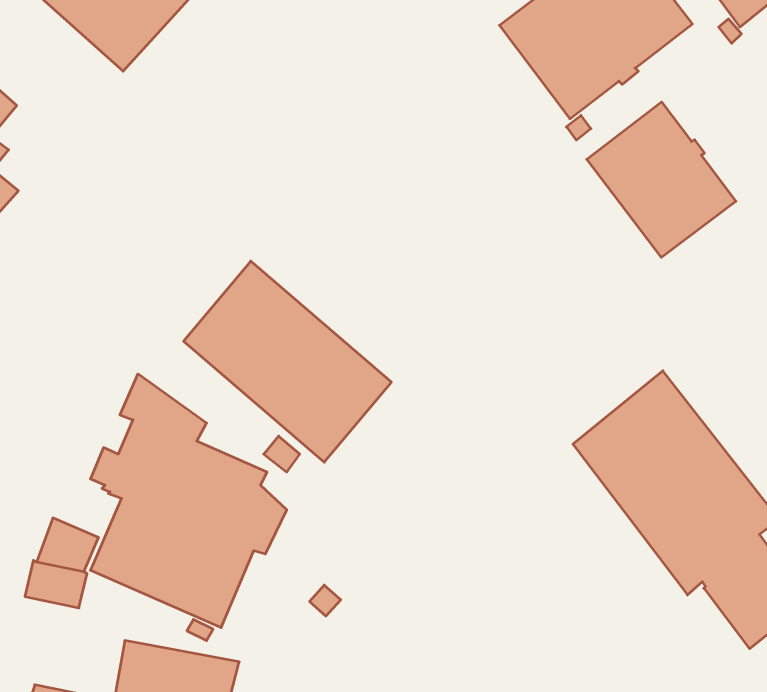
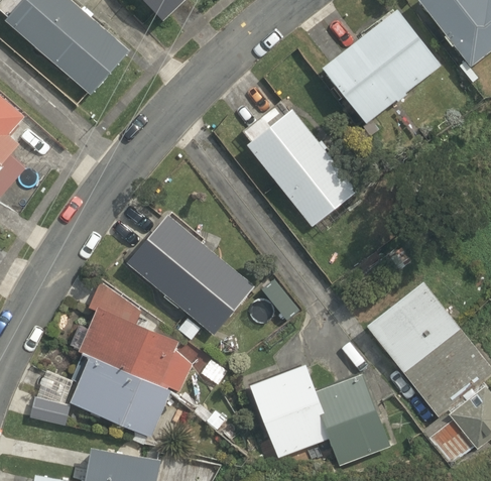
building: none -> [244,107,357,228]
building: [587,102,736,257] -> none
building: none -> [249,362,391,466]

